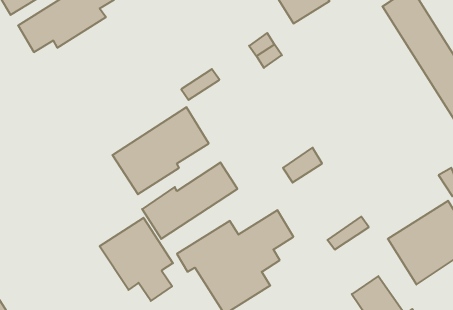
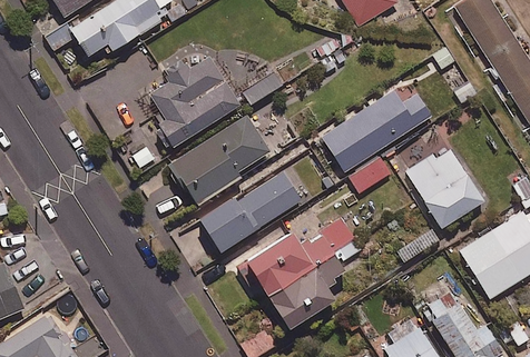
building: none -> [145,53,241,147]
building: none -> [321,90,431,171]
building: none -> [405,149,483,228]
building: [100,218,173,301] -> none

